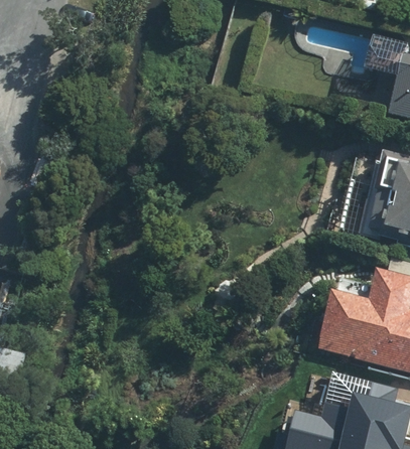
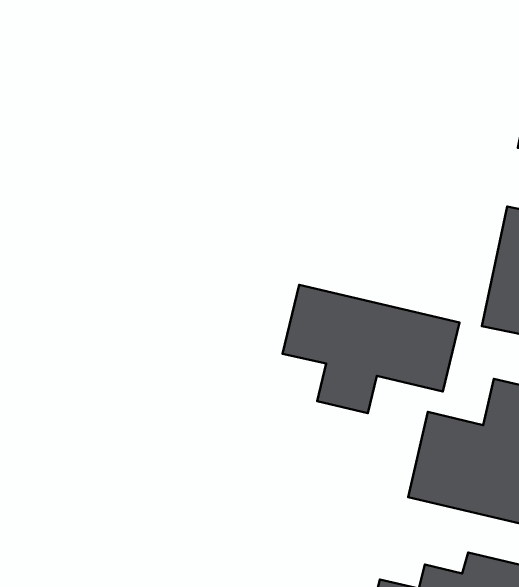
building: none -> [282,285,460,413]

